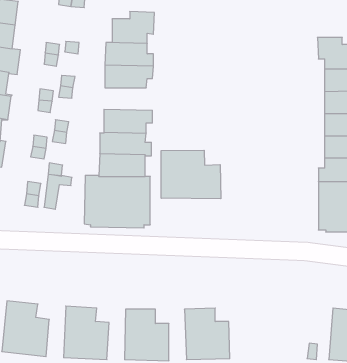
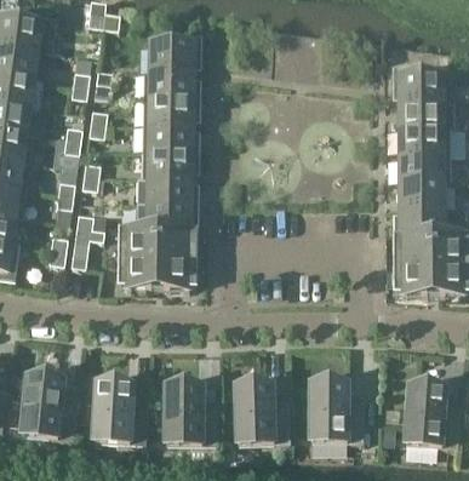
building: none -> [141,122,198,149]
building: [161,150,221,199] -> none
building: none -> [310,379,362,440]

